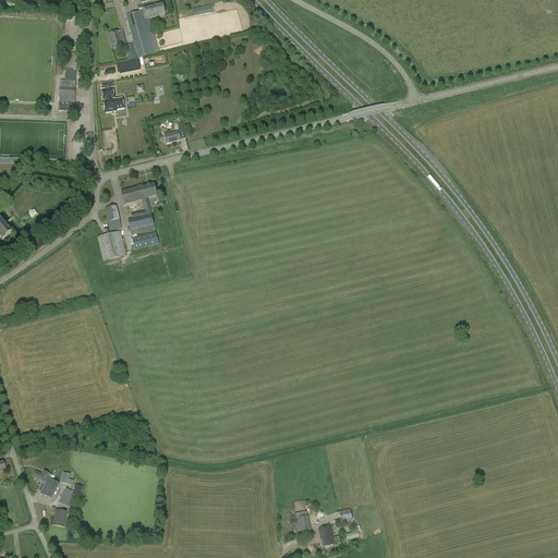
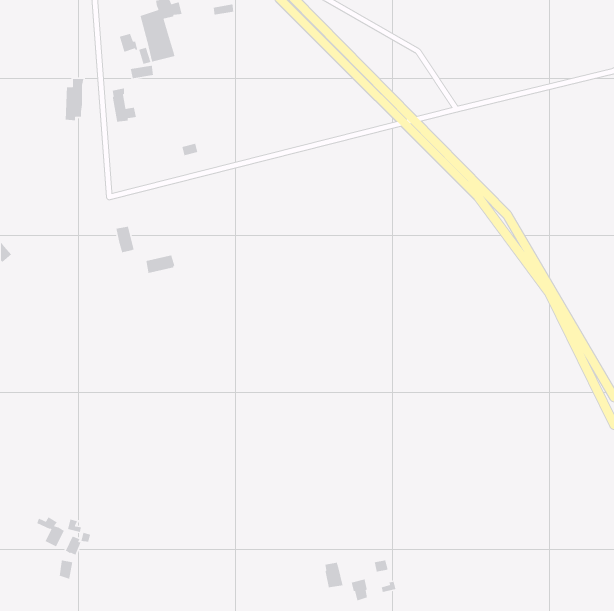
building: [121,182,157,233] -> none
building: [97,230,126,259] -> none

